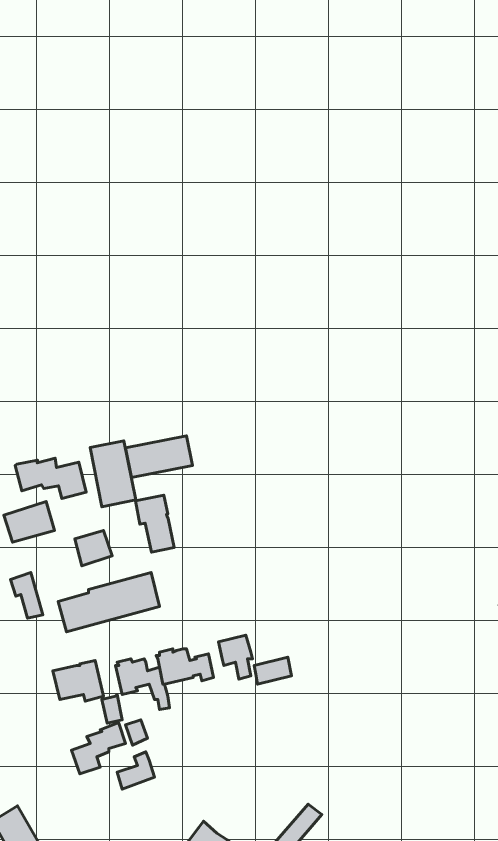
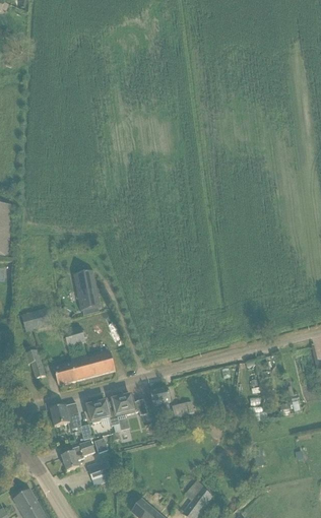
building: [125,436,192,478] -> none
building: [15,458,86,499] -> none
building: [136,495,174,552] -> none

